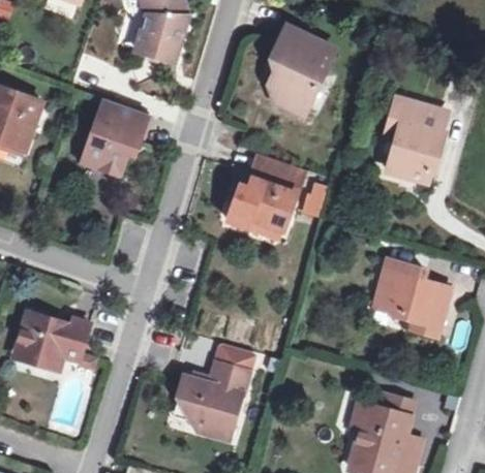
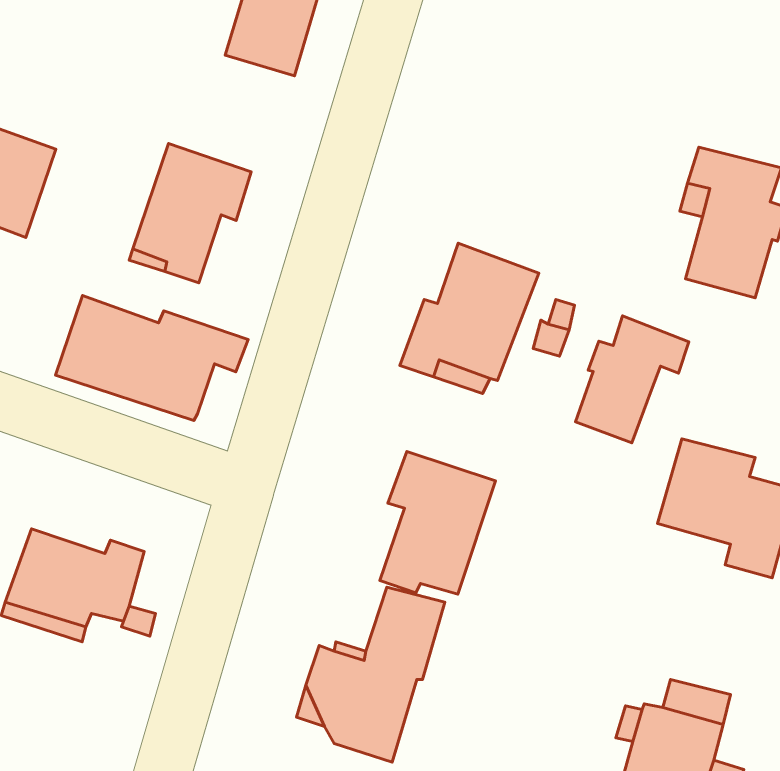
building: [269,26,333,115] -> none
building: none -> [55,296,248,421]
building: none -> [575,316,689,443]
building: none -> [380,451,496,594]

